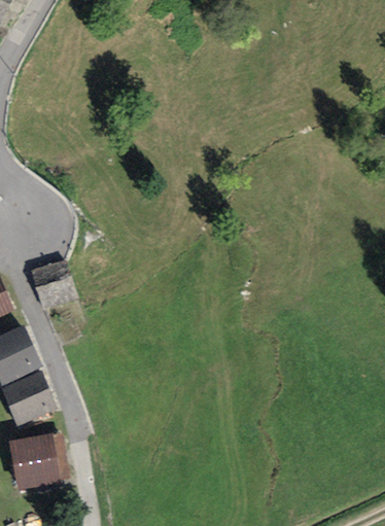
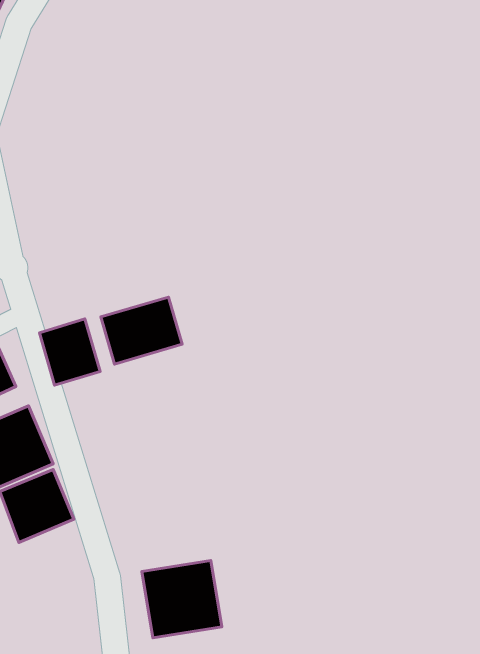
building: none -> [101,297,182,364]
building: [9,431,69,489] -> [142,561,222,638]

